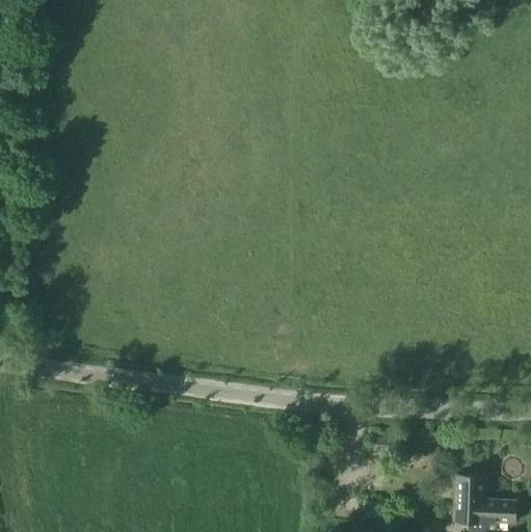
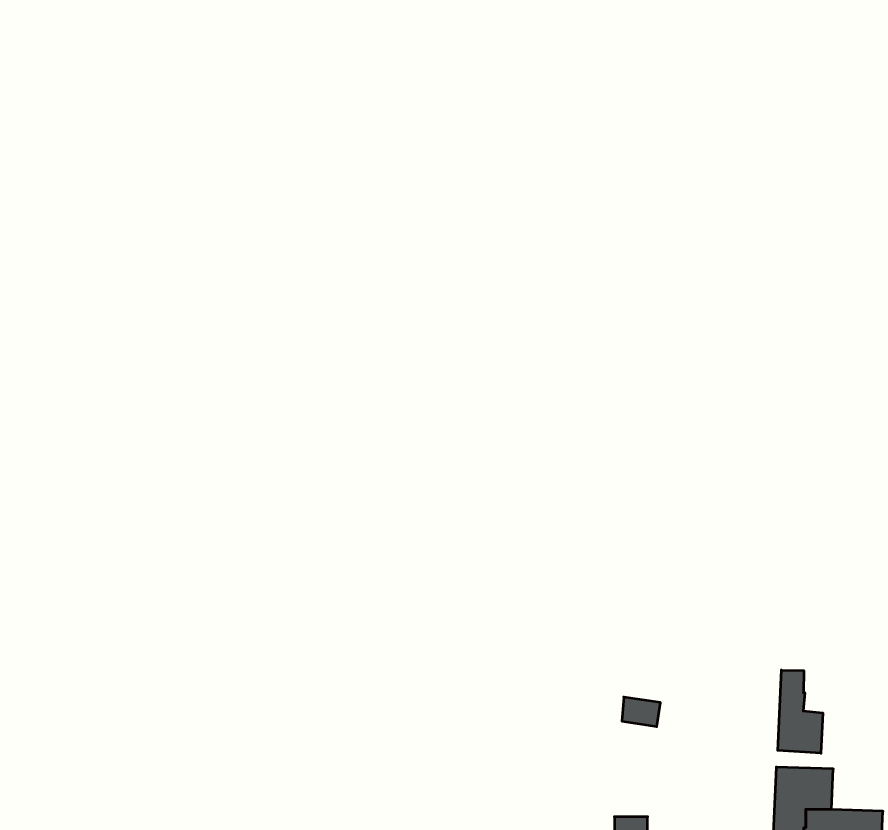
building: none -> [778,670,823,753]

